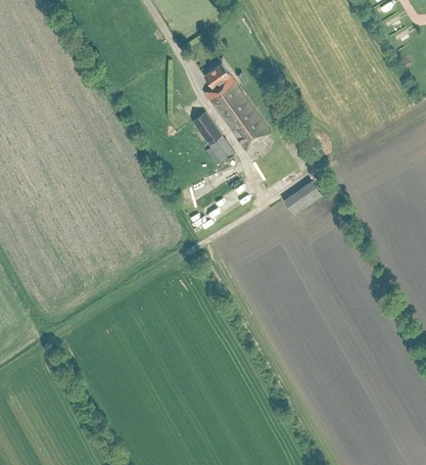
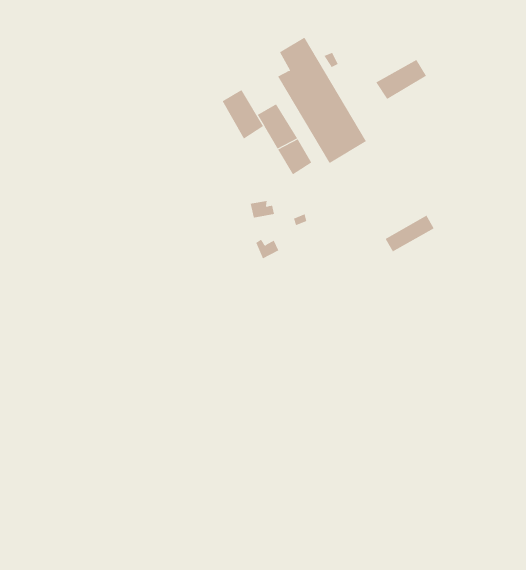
building: none -> [375,59,427,100]
building: none -> [222,89,264,140]

